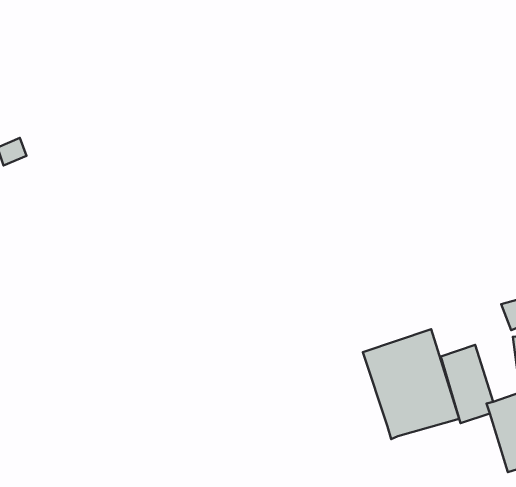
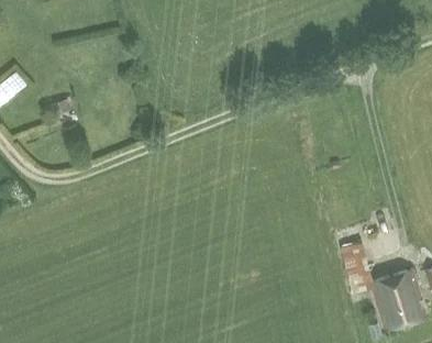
building: [363,329,459,439] -> none

